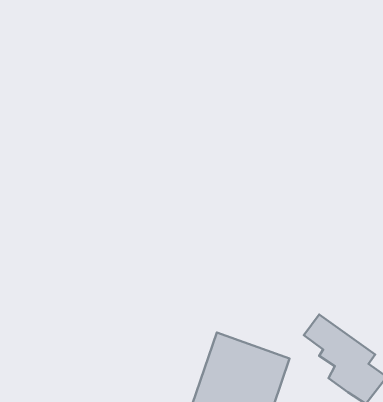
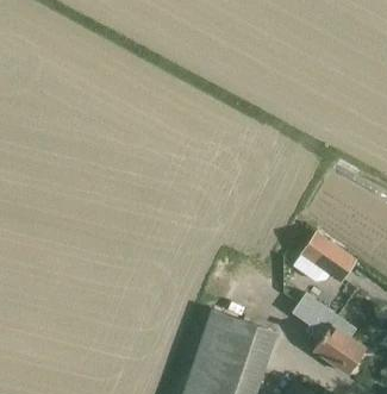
building: none -> [293,231,357,283]

